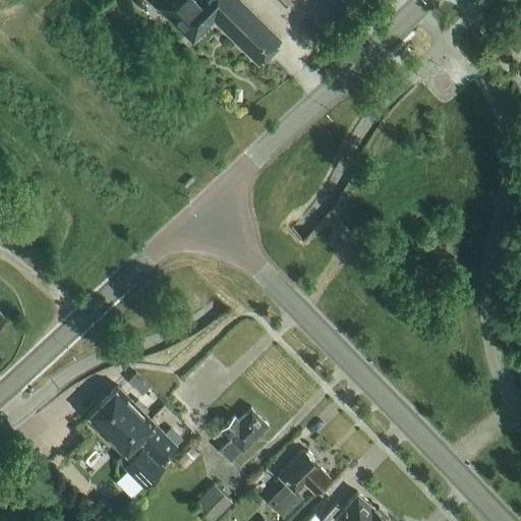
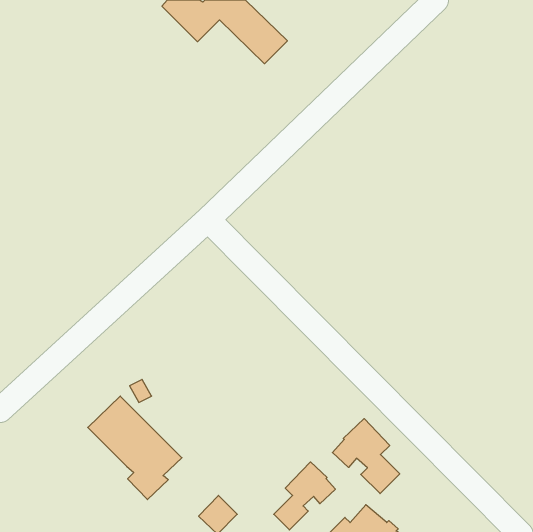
building: none -> [332,419,400,494]
building: [219,410,269,463] -> none

